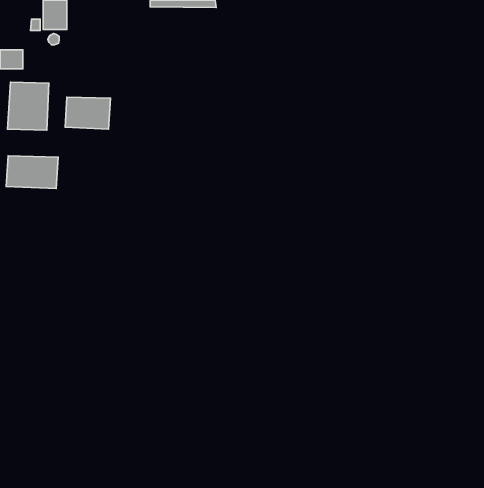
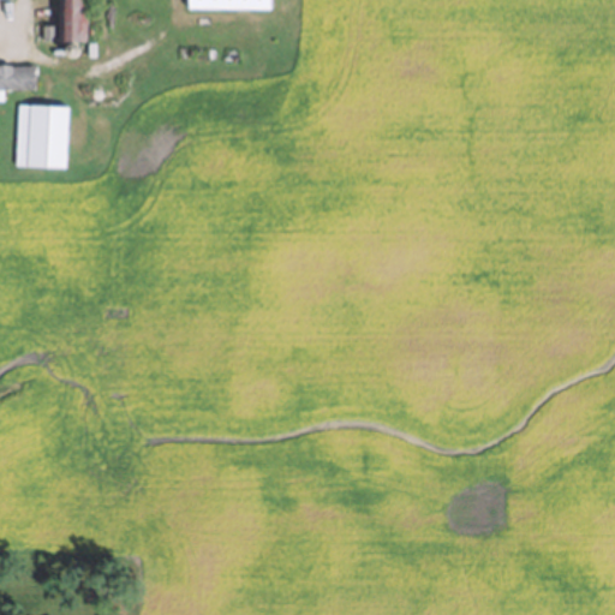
building: [65,97,110,129] -> none
building: [6,156,58,188] -> none

